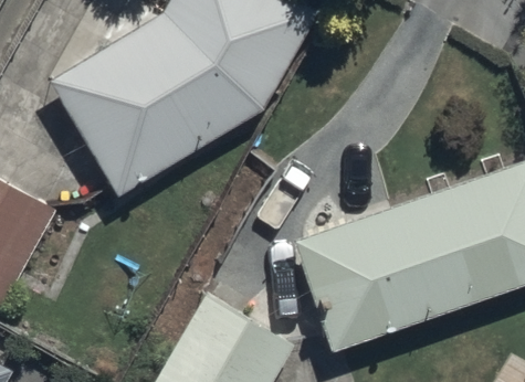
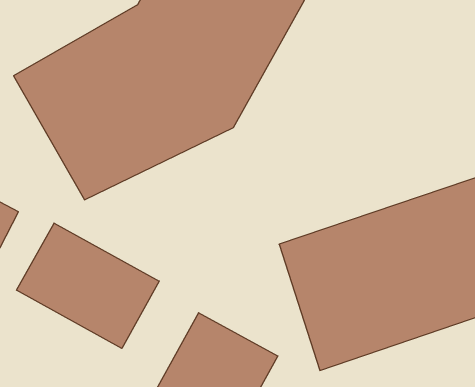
building: none -> [17,223,159,348]

